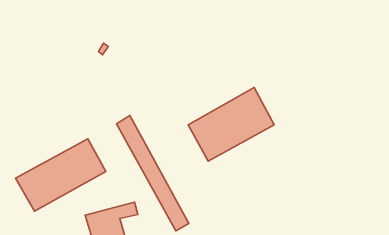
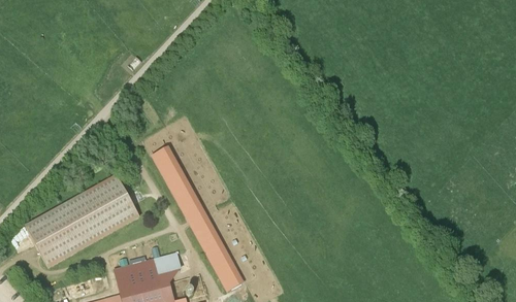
building: [188,88,274,161] -> none

